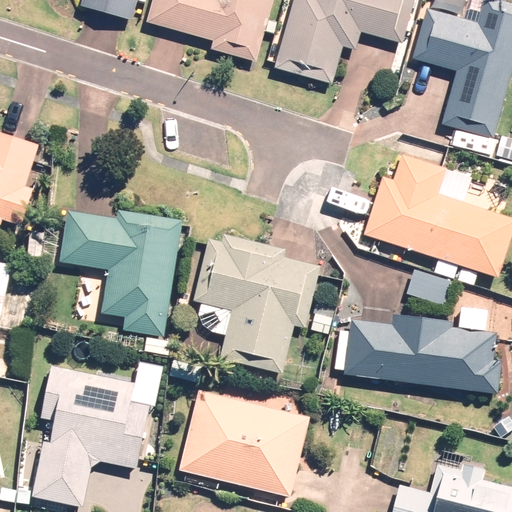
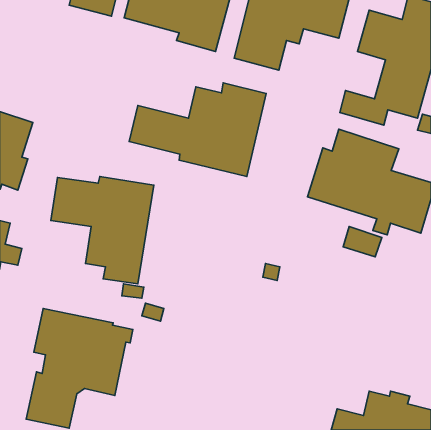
building: none -> [129,83,266,177]
building: [193,233,320,372] -> none
building: [334,313,502,393] -> none
building: [179,389,310,496] -> none

